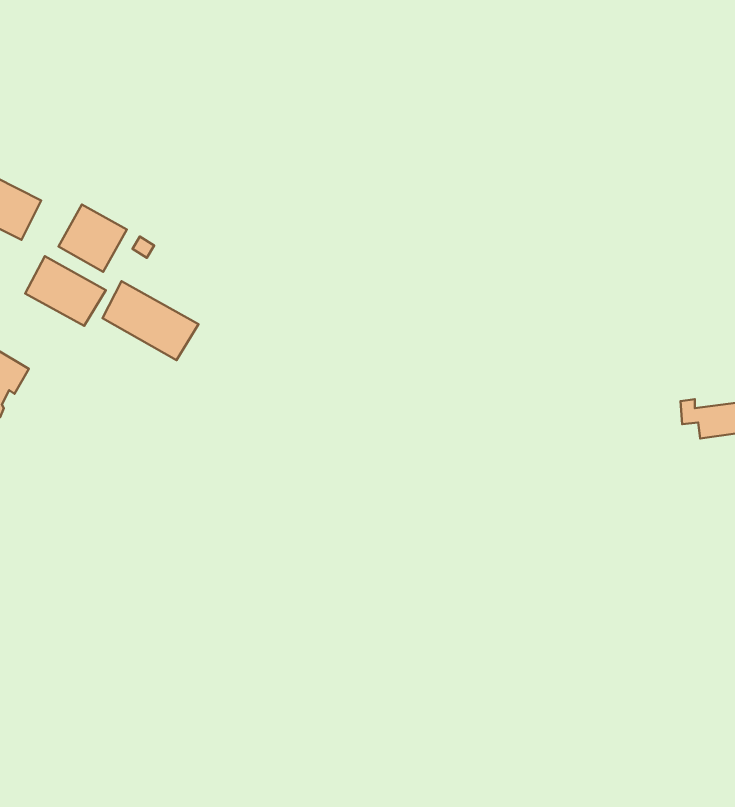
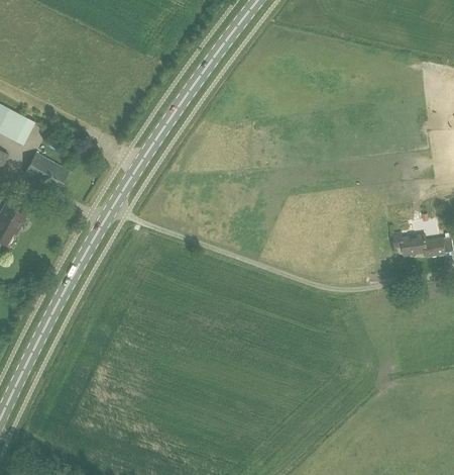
building: [58,204,127,272] -> none
building: [103,281,198,360] -> none

